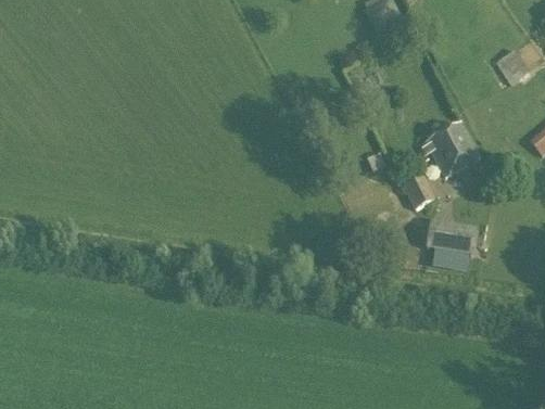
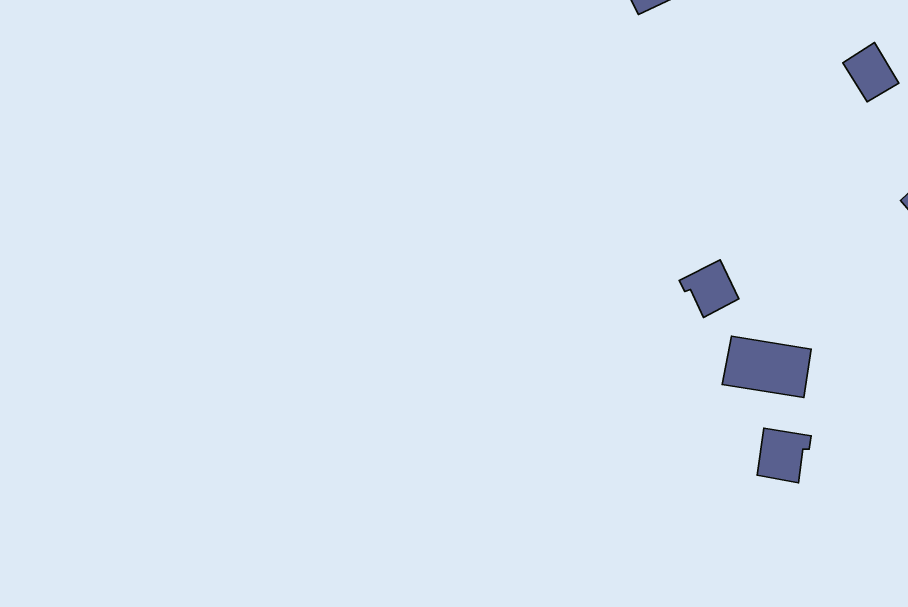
building: [422,125,482,178] -> none
building: none -> [757,428,811,483]

